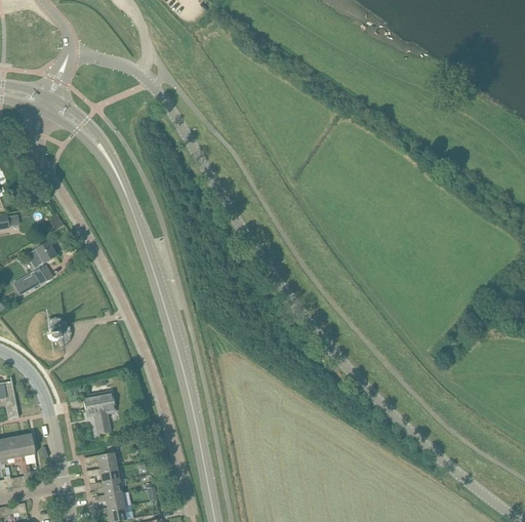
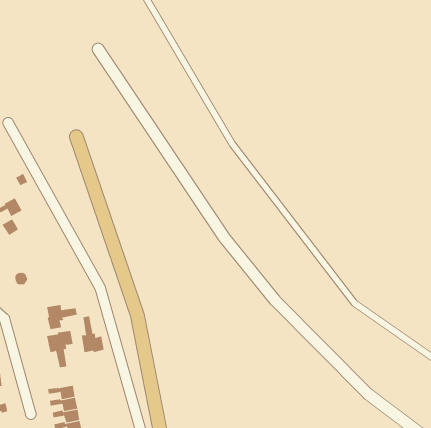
building: none -> [46,304,78,330]
building: none -> [81,315,104,353]

